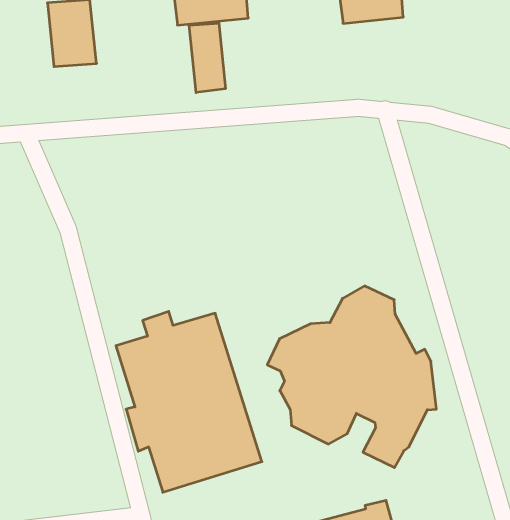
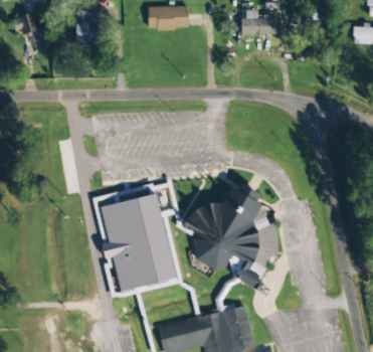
building: [189,23,225,93] -> none

